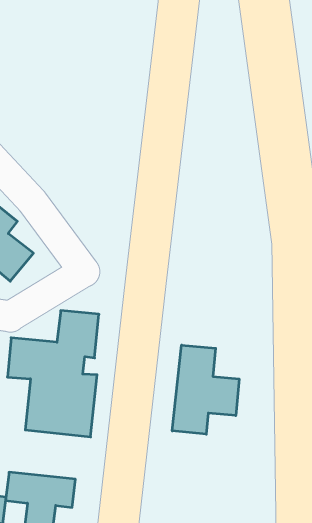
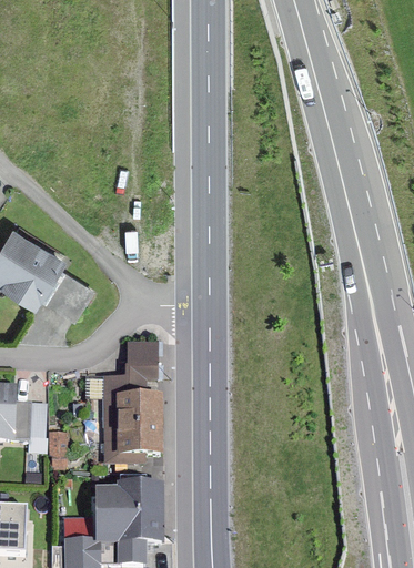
building: [172,345,239,434] -> none
building: none -> [92,478,161,511]

